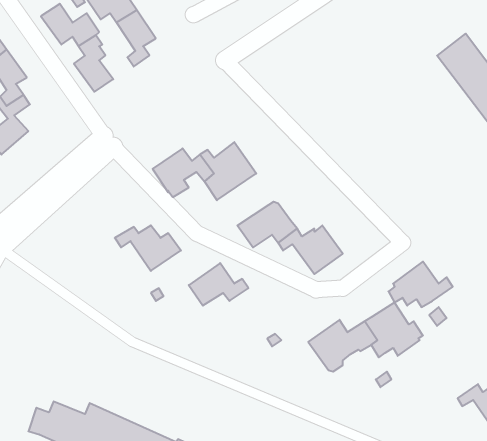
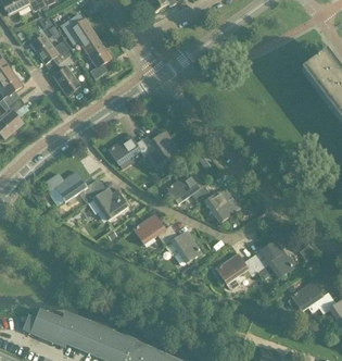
building: none -> [43,171,96,200]
building: [388,262,453,307] -> [289,279,333,311]
building: none -> [162,231,201,264]

